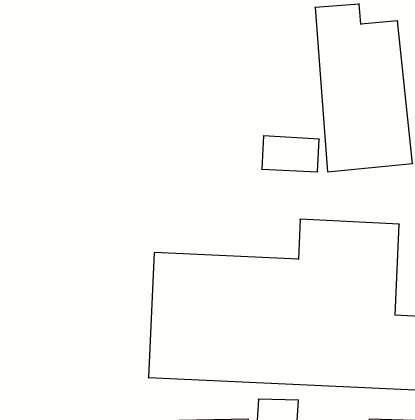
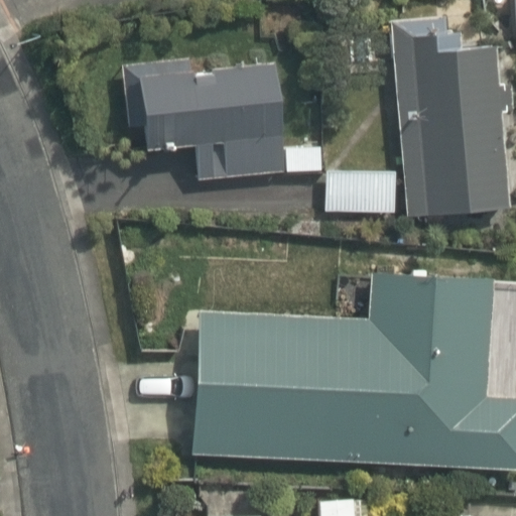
building: none -> [117,53,308,181]

